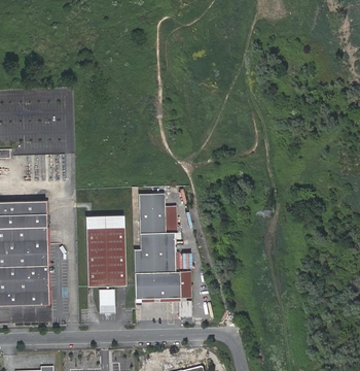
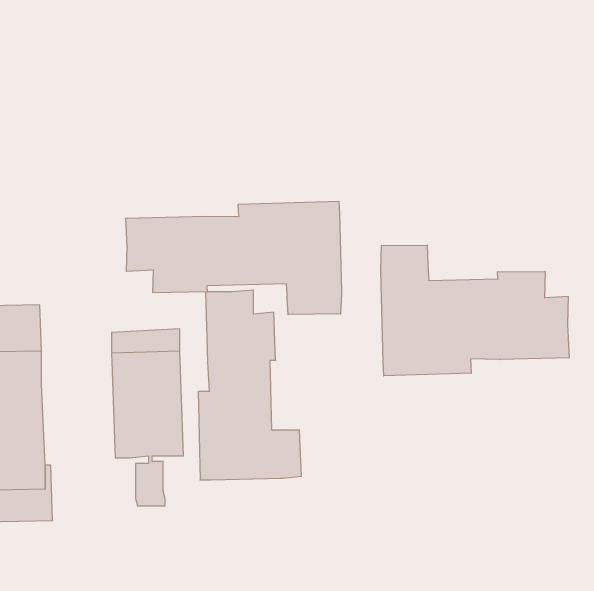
building: none -> [126,201,342,315]
building: none -> [381,245,569,376]

